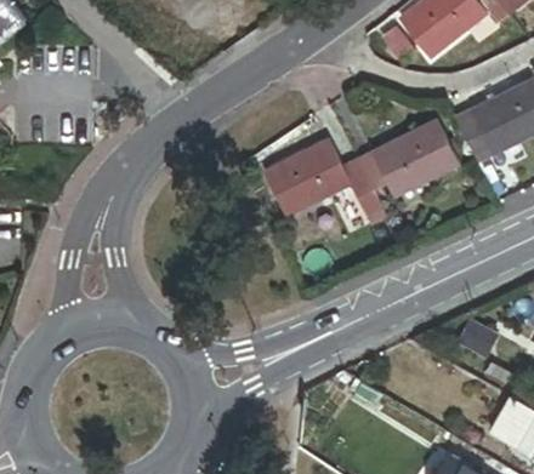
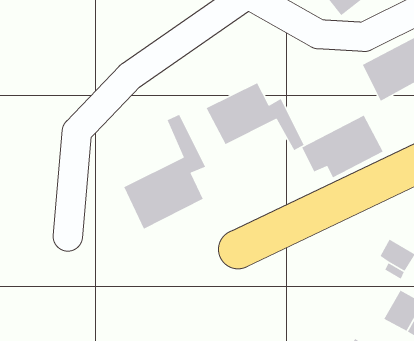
building: [357,119,459,198] -> [301,115,384,179]
building: none -> [123,114,206,230]

